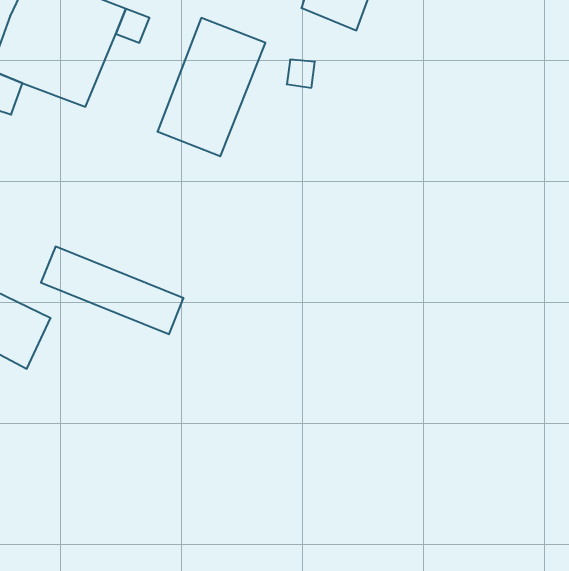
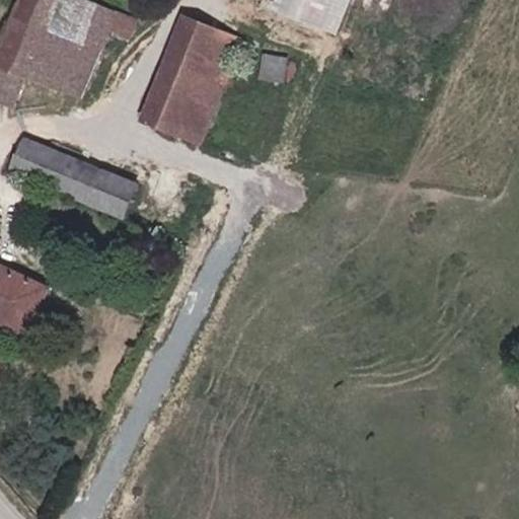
building: [41,247,184,334] -> [7,137,136,216]

